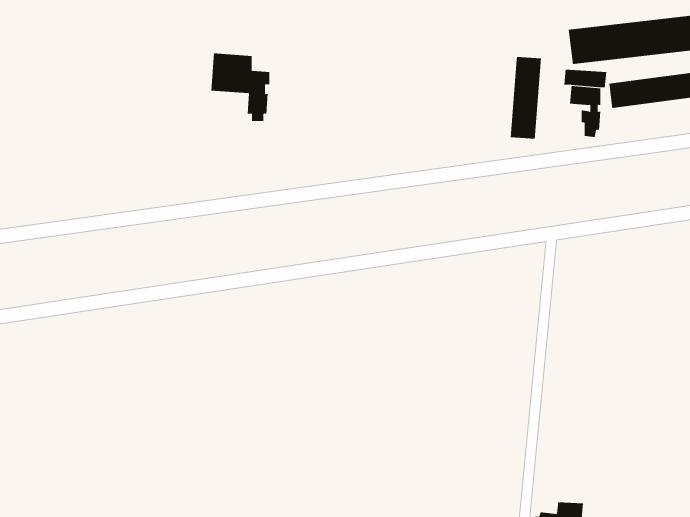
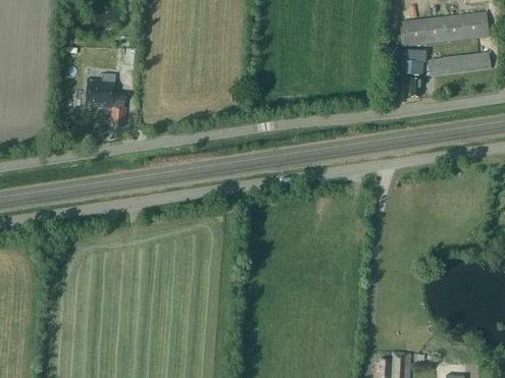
building: [210,53,270,121] -> [85,78,127,126]
building: [510,56,542,139] -> none

